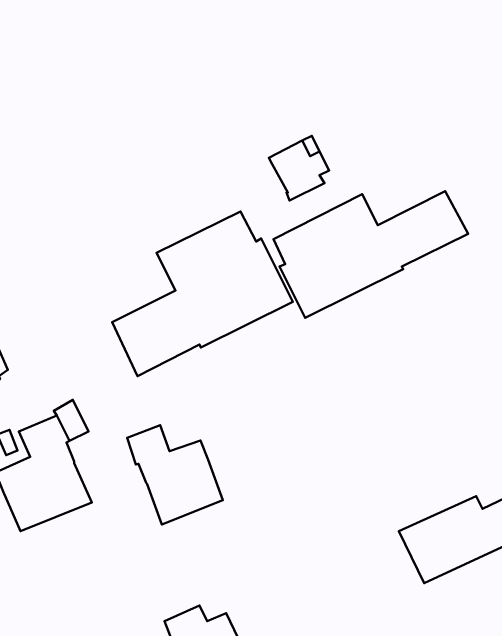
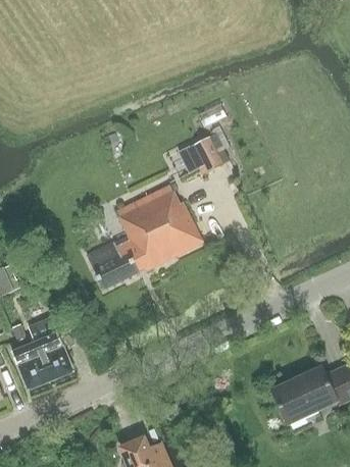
building: [273,191,468,318] -> none
building: [127,425,223,525] -> none

